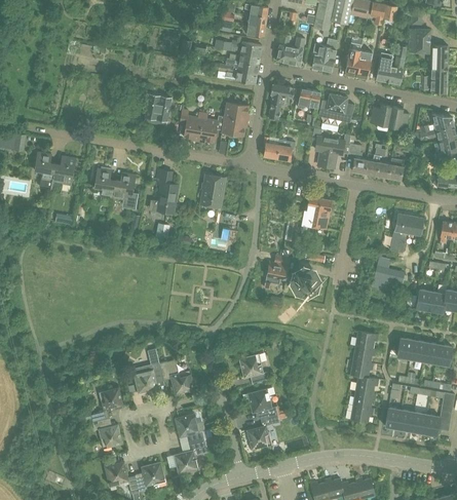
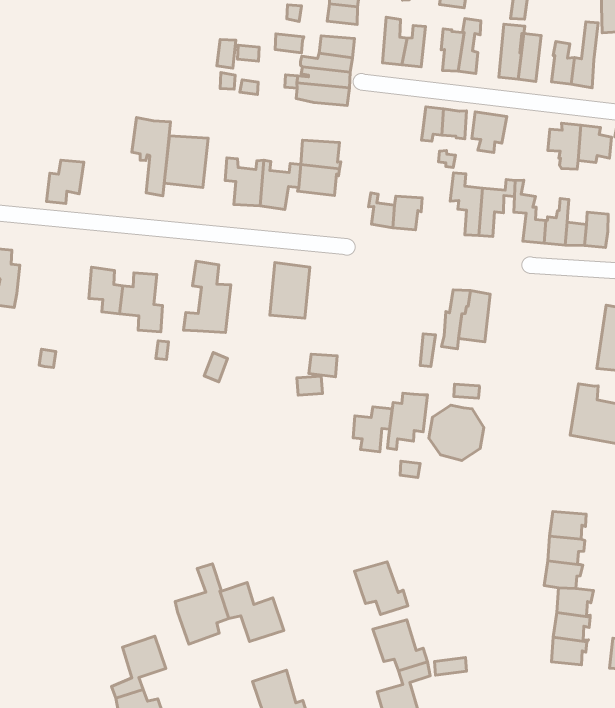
building: none -> [132,118,171,196]
building: [268,83,294,118] -> none
building: [52,156,76,182] -> [46,160,84,203]
building: none -> [353,407,392,452]

